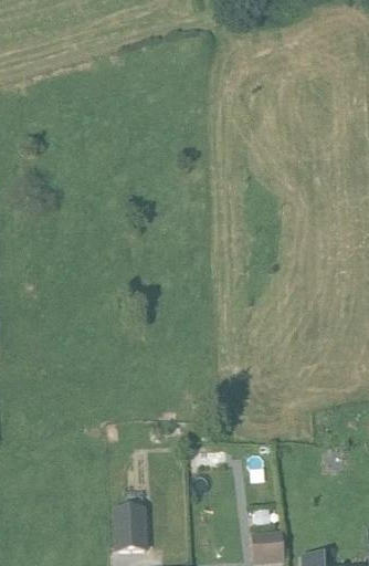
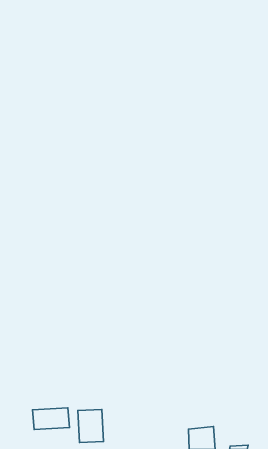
building: none -> [32,408,70,430]

